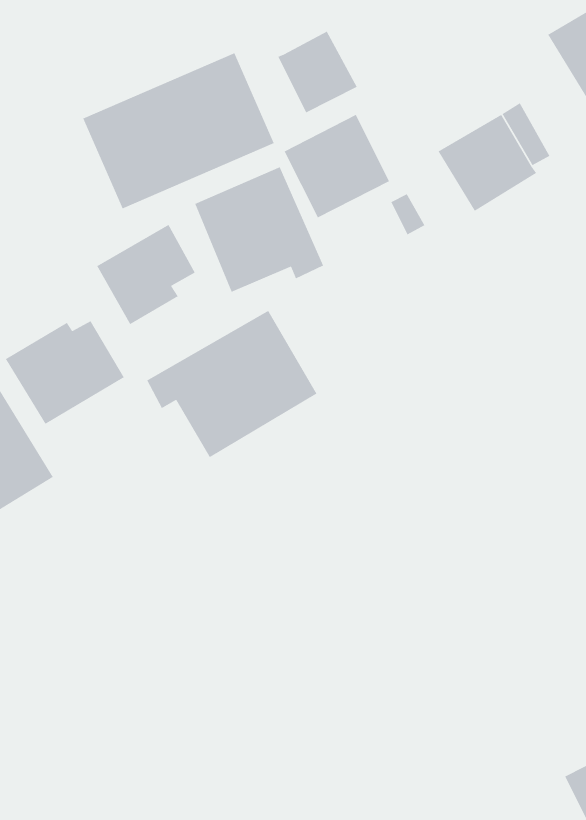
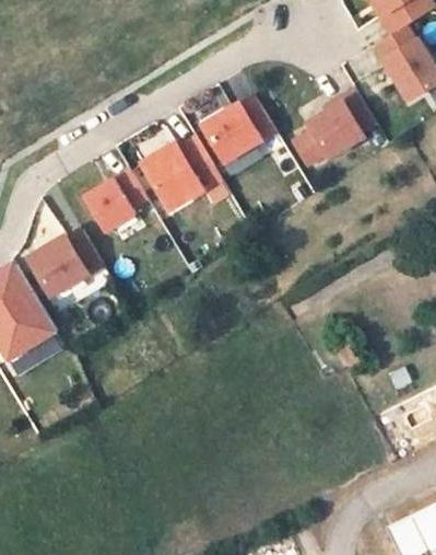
building: [277,30,358,114] -> none
building: [82,52,275,209] -> none
building: [146,310,317,458] -> none

